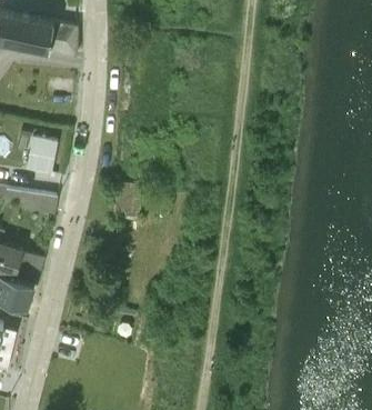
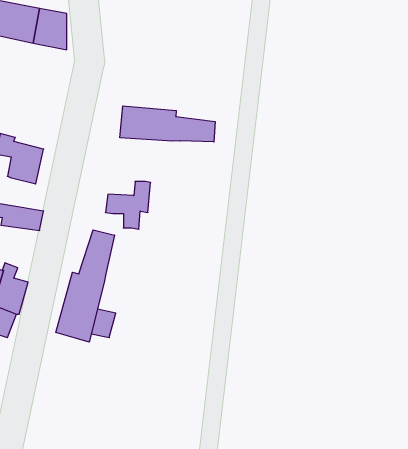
building: none -> [120,106,215,142]
building: none -> [56,230,114,342]

